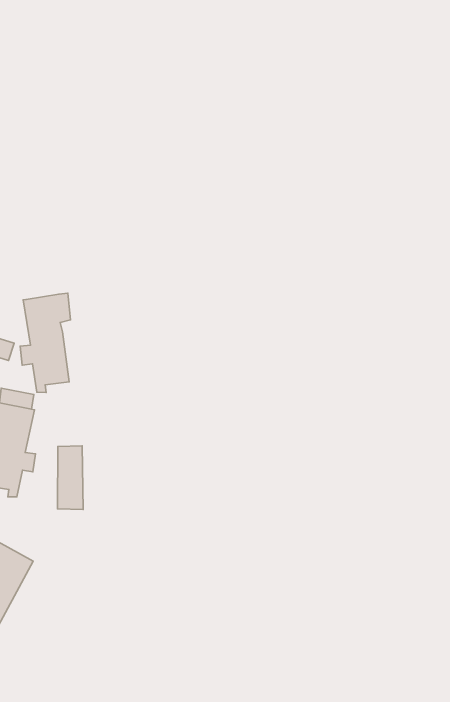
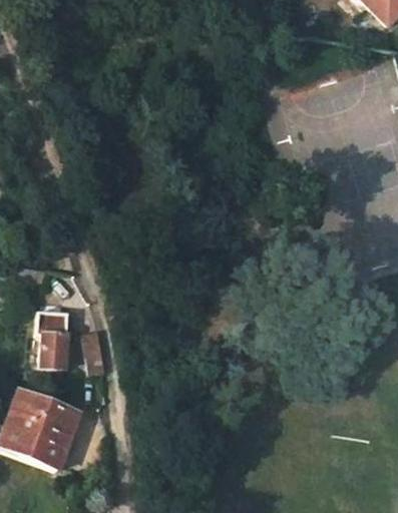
building: [20,293,70,393] -> none

